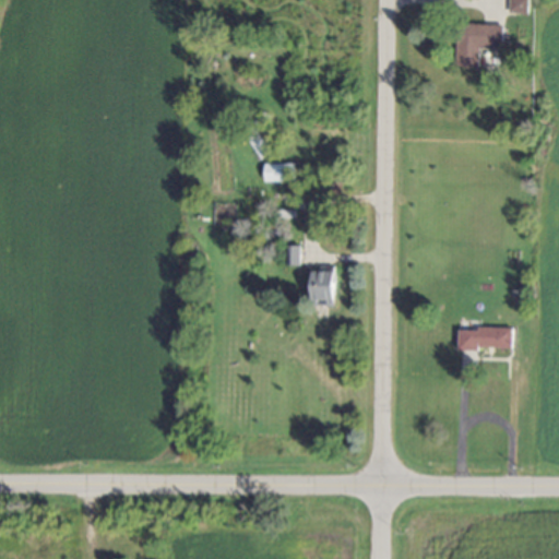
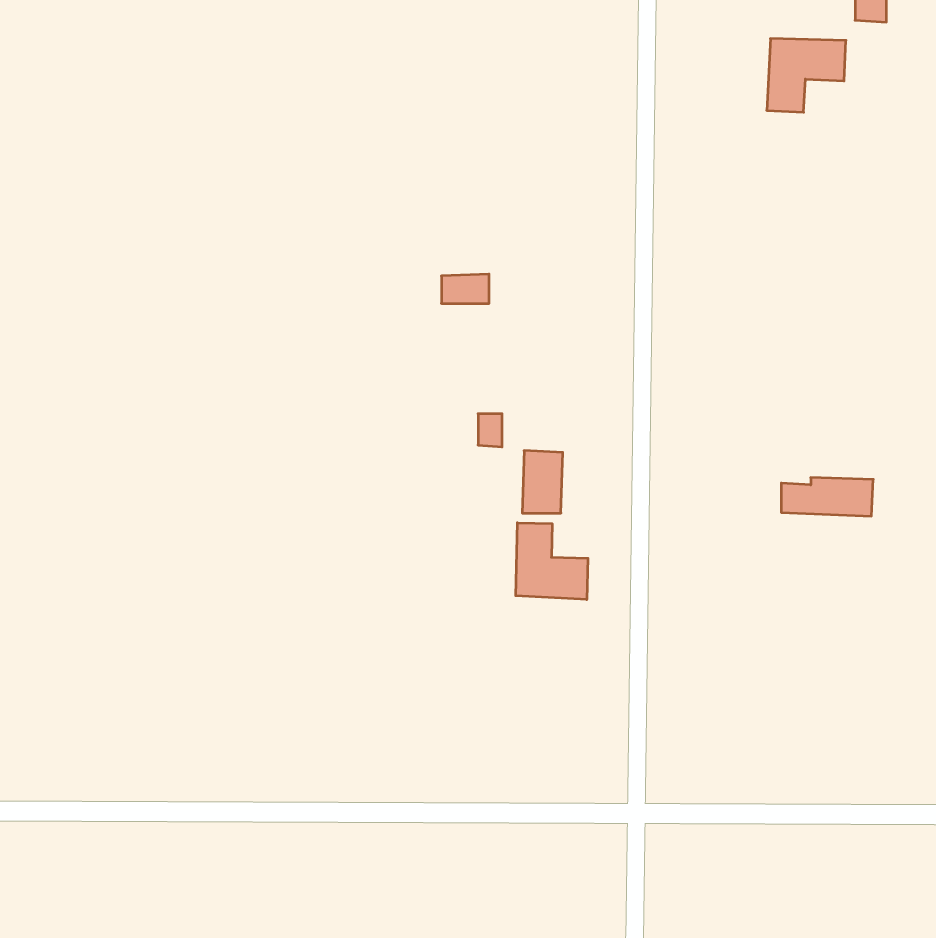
building: none -> [516,523,588,600]
building: [456,326,511,349] -> [781,478,873,516]

